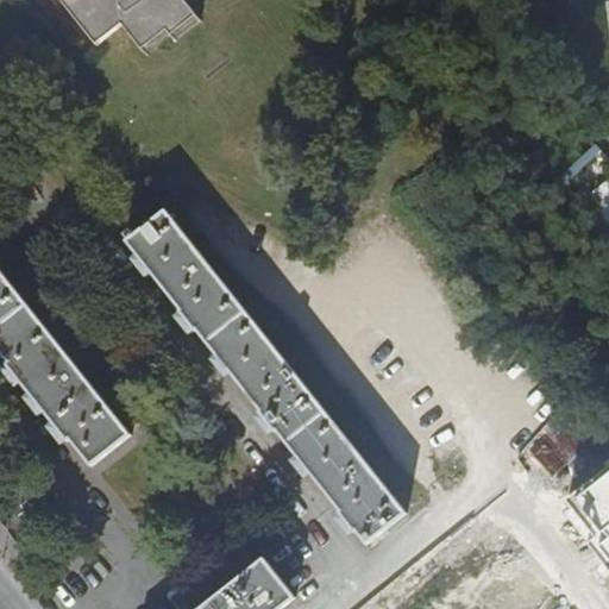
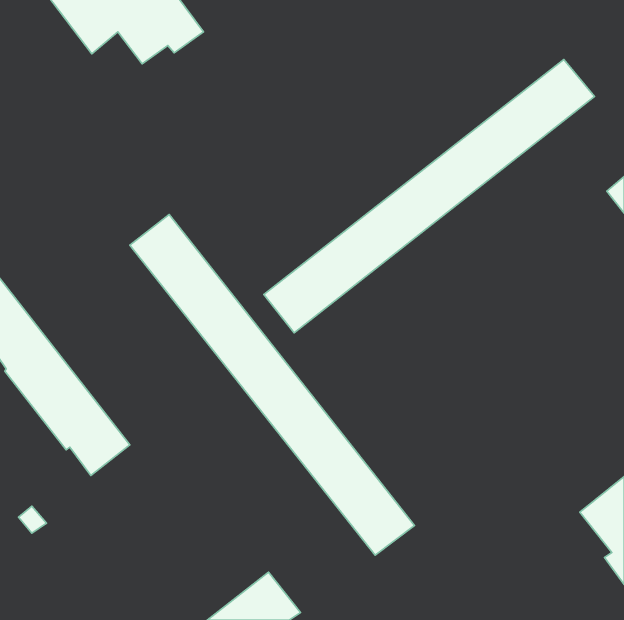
building: none -> [264,59,595,333]

